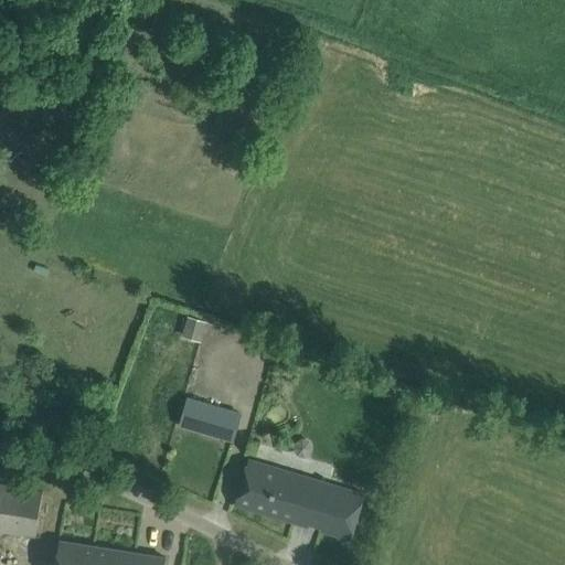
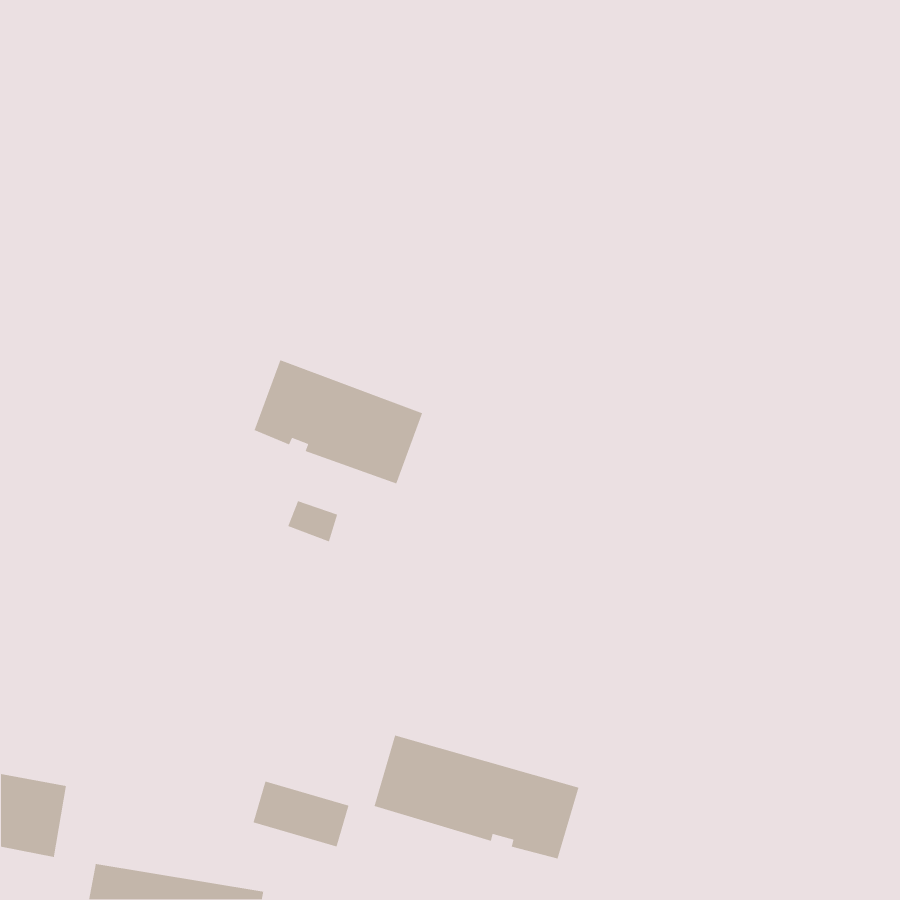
building: none -> [253,359,423,484]
building: [179,399,239,441] -> [253,780,349,847]

